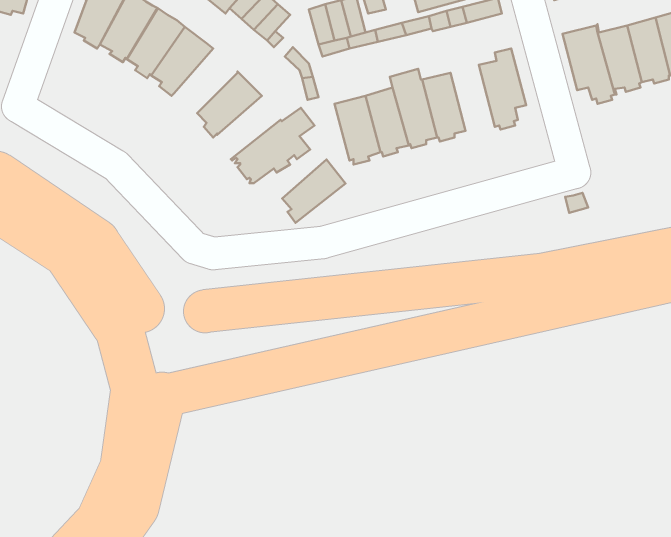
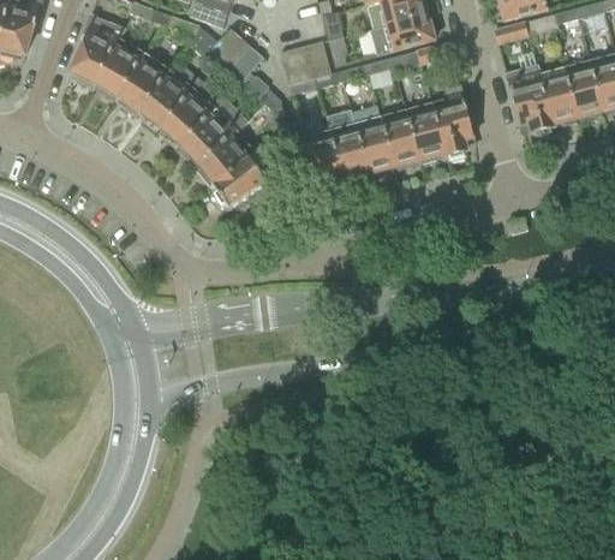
building: none -> [160,88,216,148]
building: none -> [406,102,446,163]
building: [282,159,345,223] -> [198,130,255,186]

